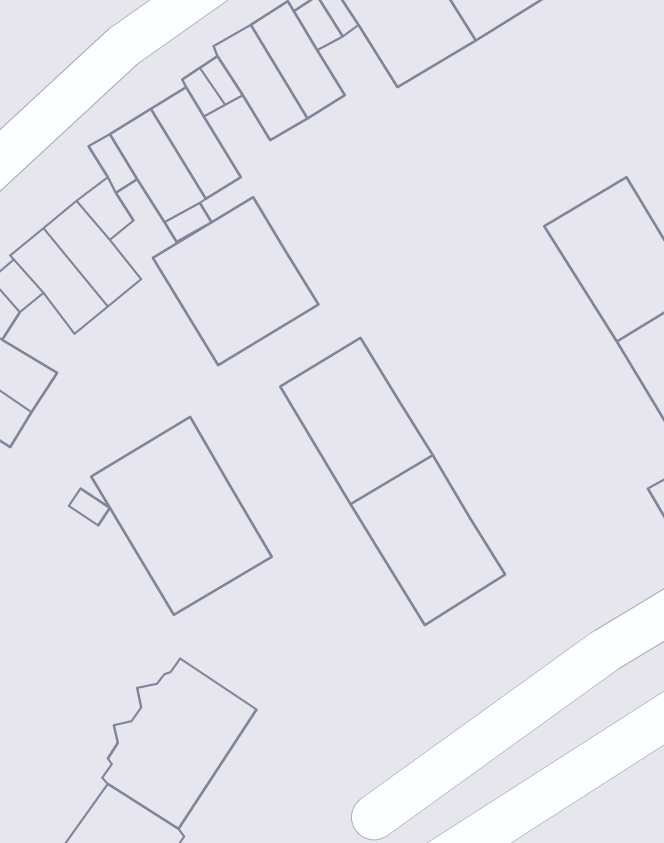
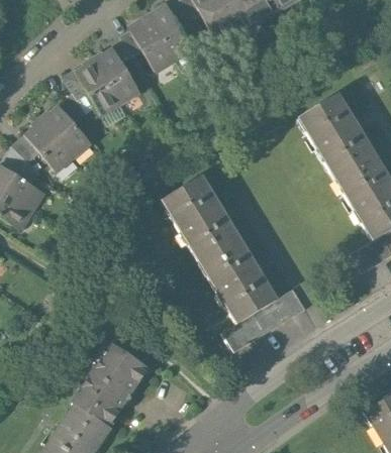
building: [153,197,319,365] -> none
building: [91,417,272,615] -> none
building: none -> [223,289,307,352]

